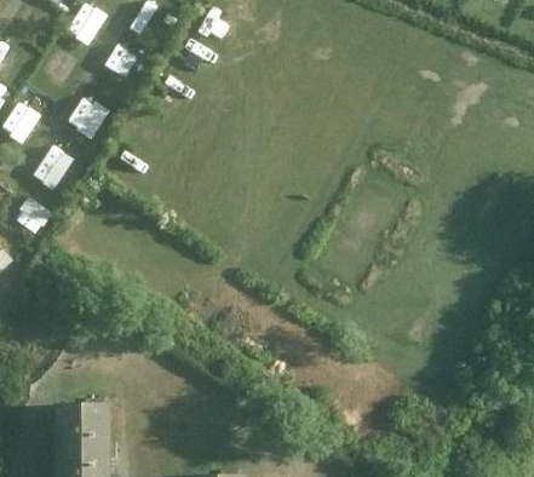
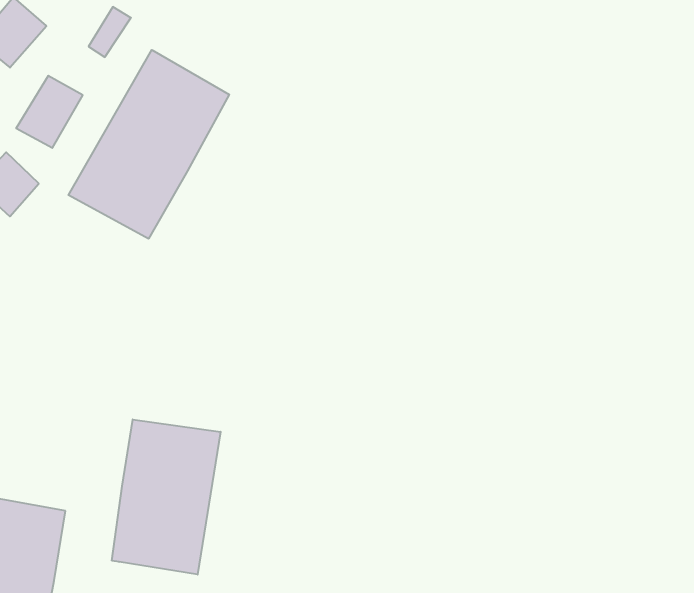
building: none -> [68,50,229,239]
building: none -> [112,419,221,575]

